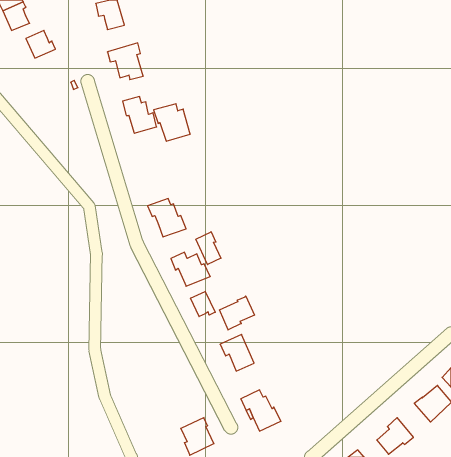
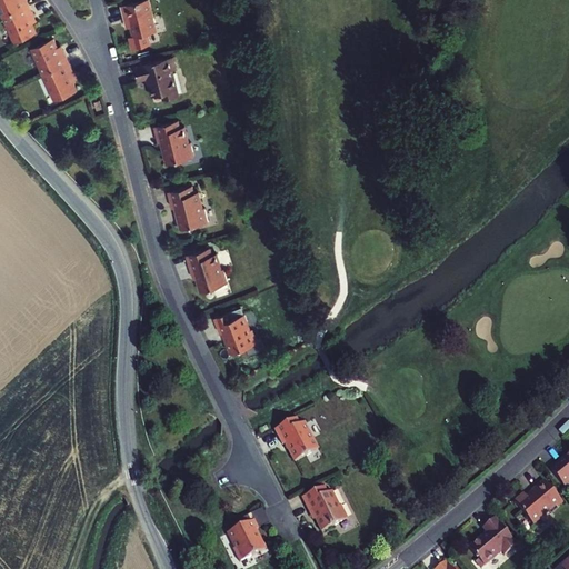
building: none -> [43,61,77,98]
building: [154,104,190,141] -> [166,183,211,230]
building: [196,232,221,265] -> none
building: [191,291,215,317] -> none
building: [219,296,255,330] -> none

